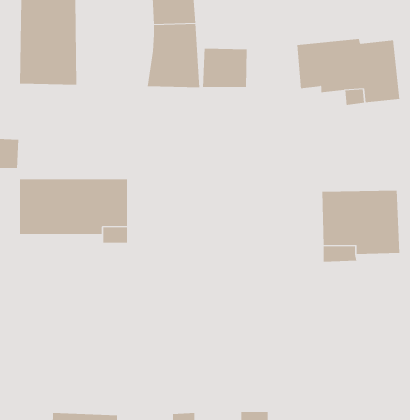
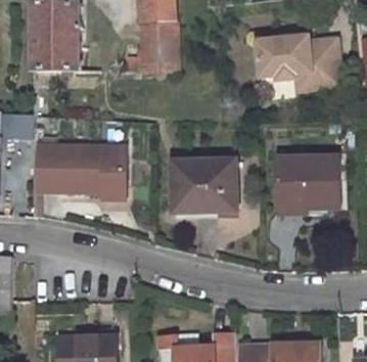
building: [202,48,247,88] -> none
building: none -> [175,160,237,211]

